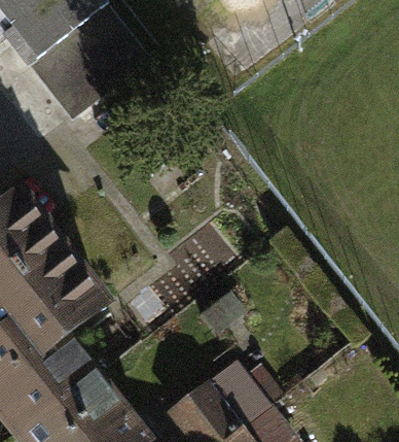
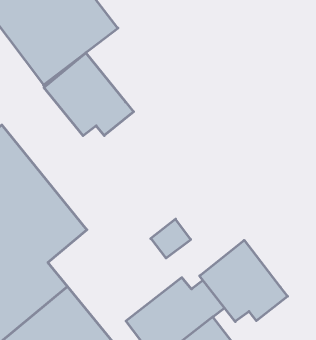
building: none -> [44,53,134,136]
building: none -> [200,240,288,322]

